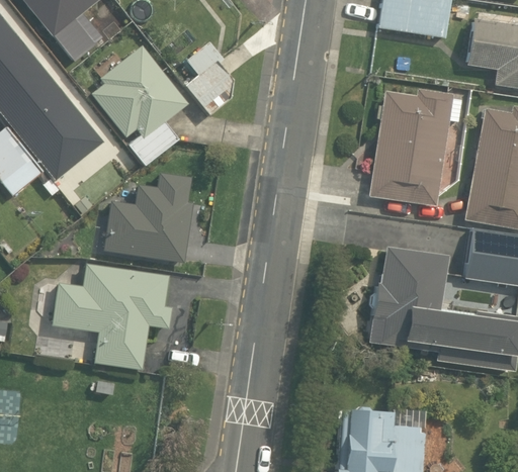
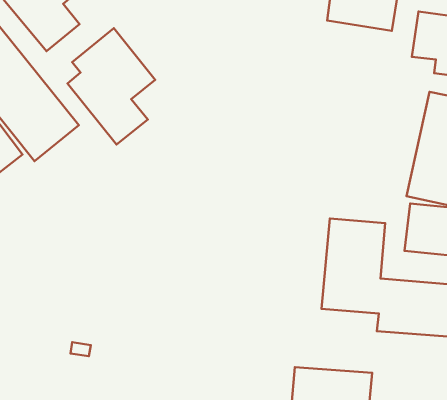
building: [184,40,237,114] -> none
building: [370,86,451,207] -> none
building: [103,170,198,267] -> none
building: [53,262,174,369] -> none

